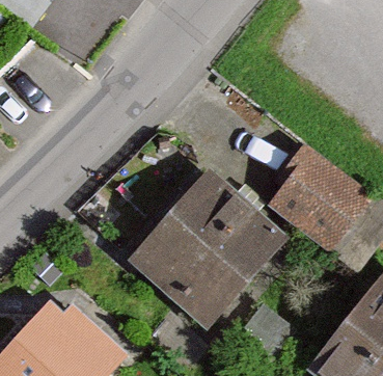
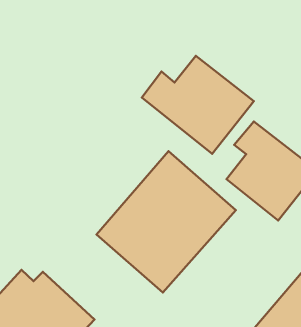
building: none -> [142,56,254,154]

